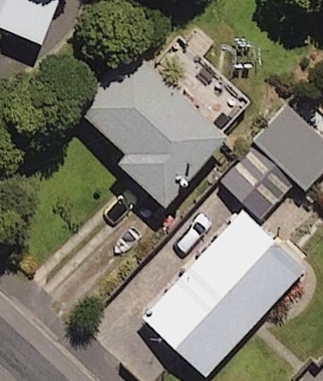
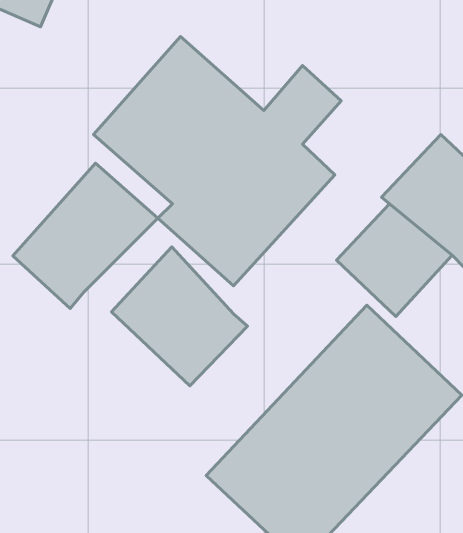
building: none -> [13,163,158,308]
building: none -> [111,247,247,386]

